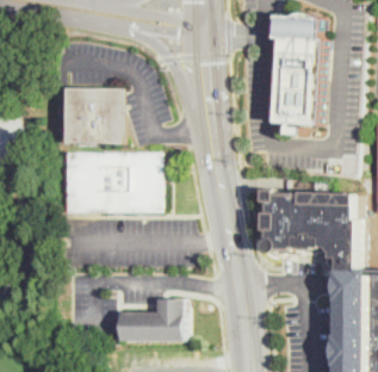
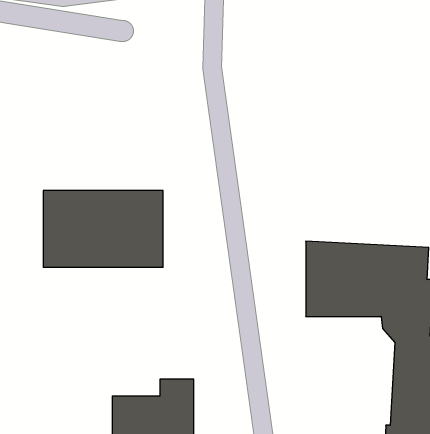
building: [277,12,329,136] -> none
building: [68,88,124,144] -> none

